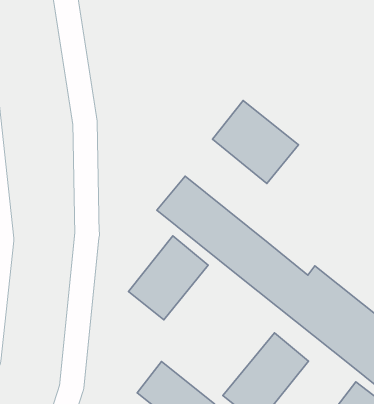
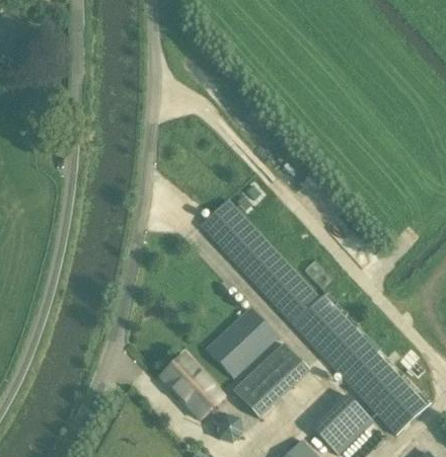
building: [213,101,299,184] -> none
building: [128,236,208,320] -> [206,308,277,378]

